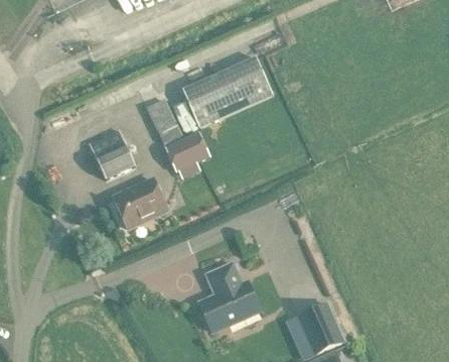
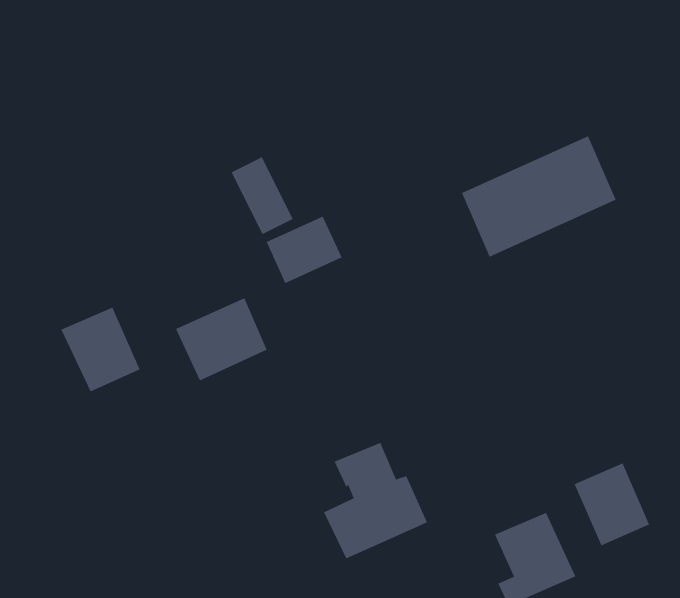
building: [183,55,273,126] -> [461,135,616,257]
building: [89,128,135,177] -> [60,307,141,392]
building: none -> [574,463,650,546]

